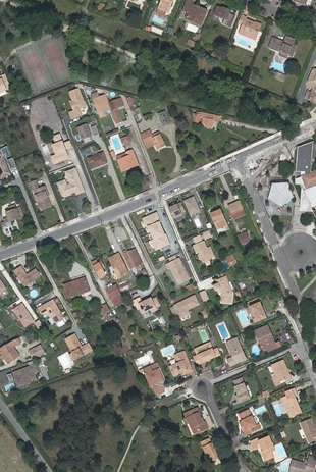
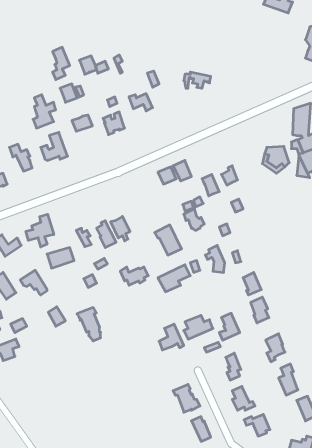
building: [142,211,169,248] -> none
building: none -> [26,214,54,247]
building: [142,362,164,394] -> [77,308,101,341]

